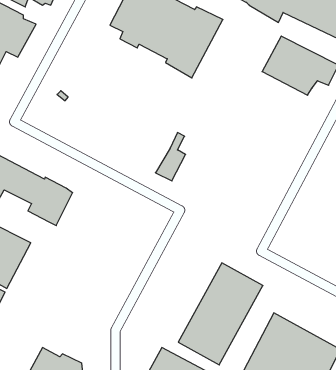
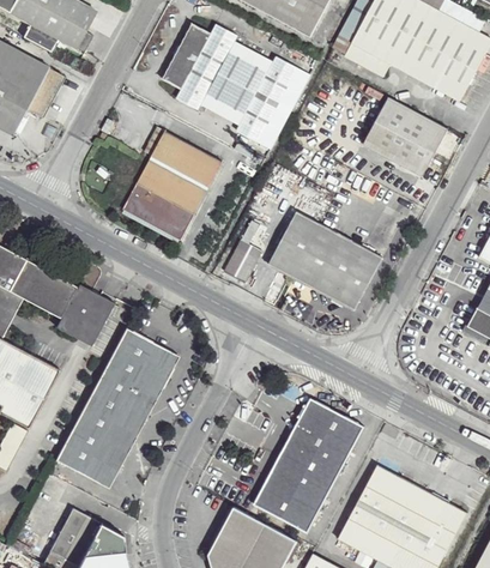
building: none -> [121,127,222,246]
building: none -> [270,207,395,306]
building: none -> [55,325,180,484]

